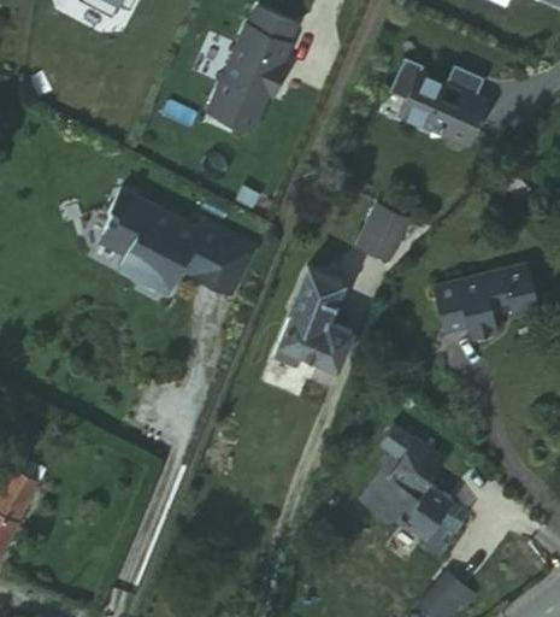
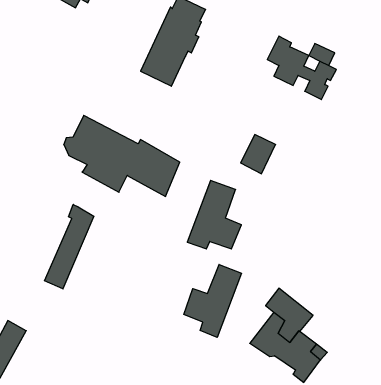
building: [430,266,542,360] -> none
building: none -> [45,204,94,289]
building: none -> [184,264,241,337]

